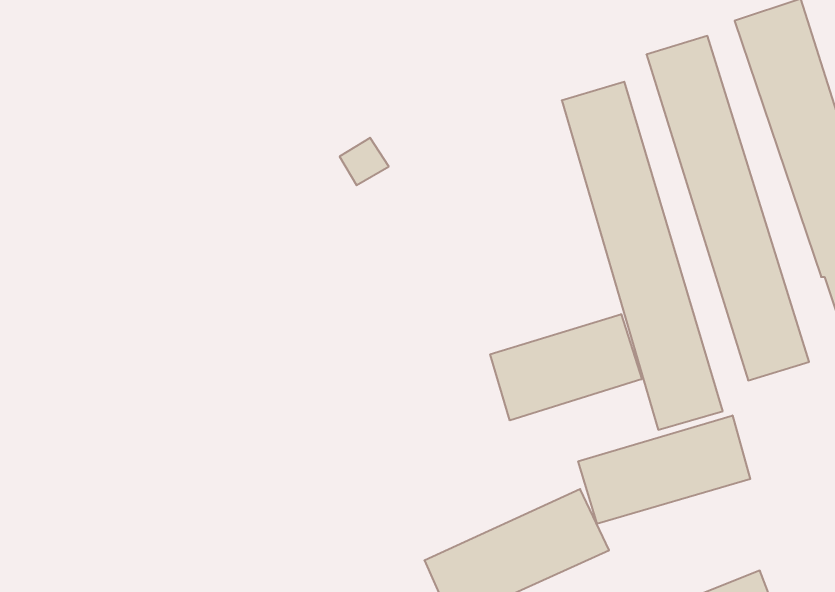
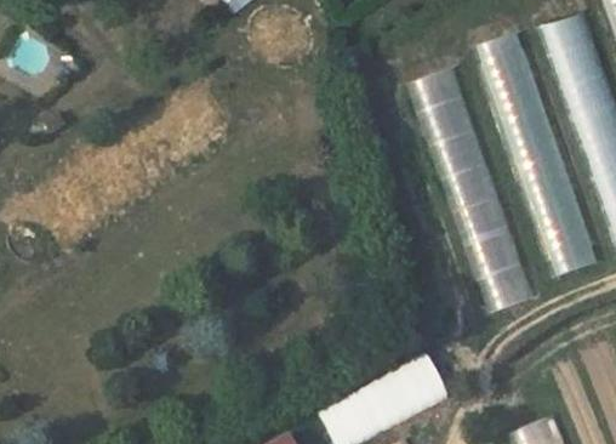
building: [490,314,642,420] -> none
building: [578,415,750,524] -> none

